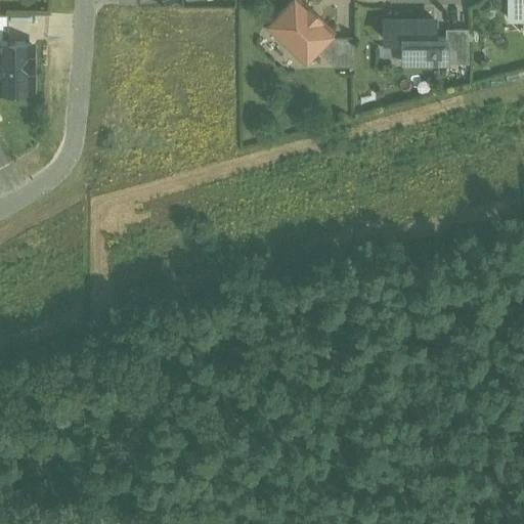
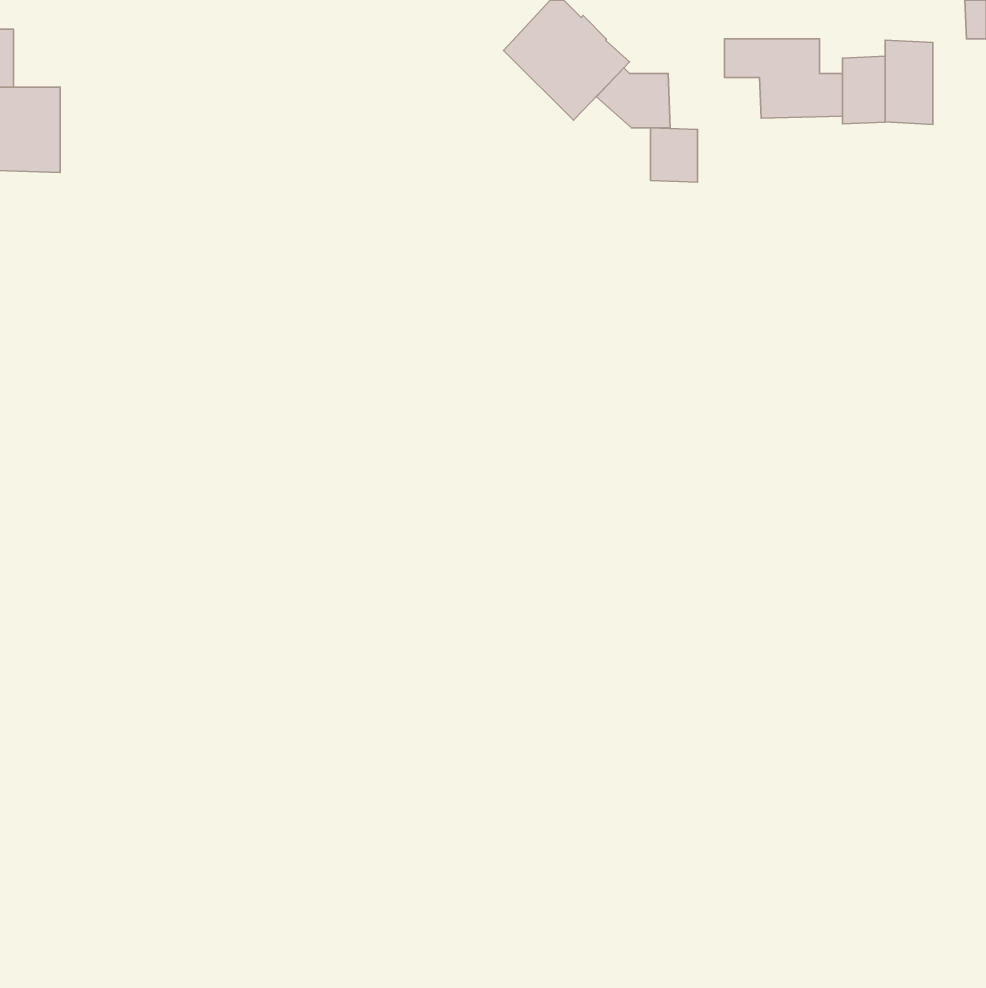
building: none -> [885,40,933,124]
building: none -> [650,128,697,182]

